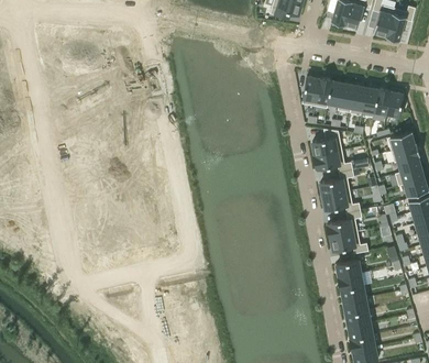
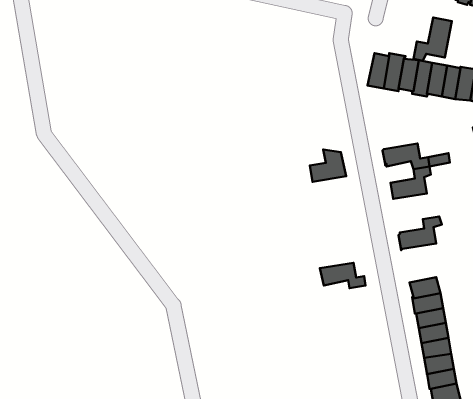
building: none -> [413,17,452,61]
building: [312,129,342,155] -> [310,149,346,182]
building: [322,191,360,212] -> none
building: [330,232,367,253] -> [320,263,366,288]

